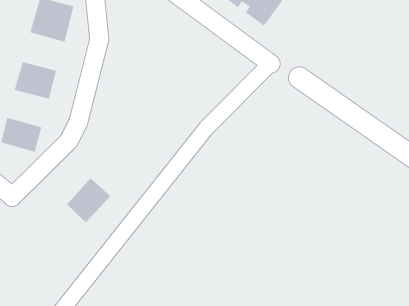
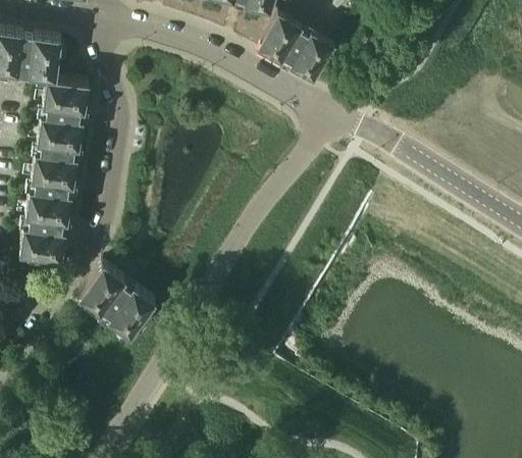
building: none -> [37,119,85,160]
building: none -> [25,189,73,228]
building: none -> [80,262,132,316]

